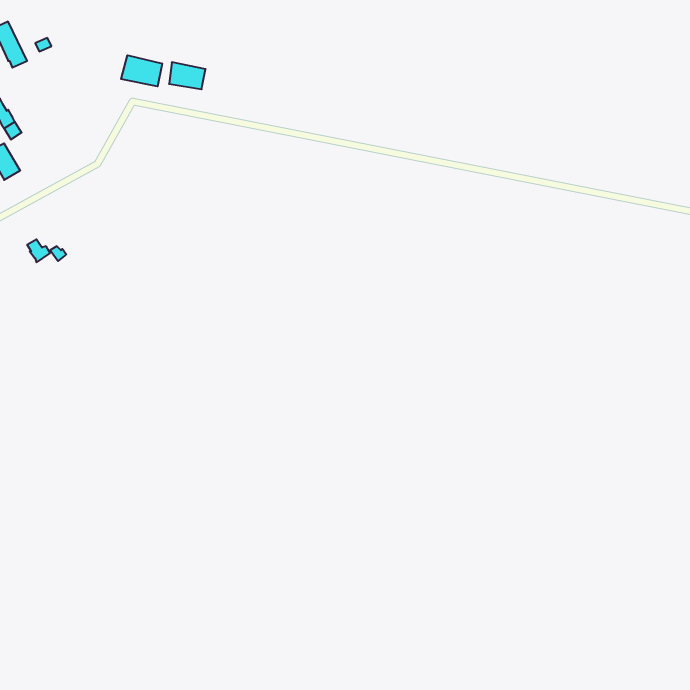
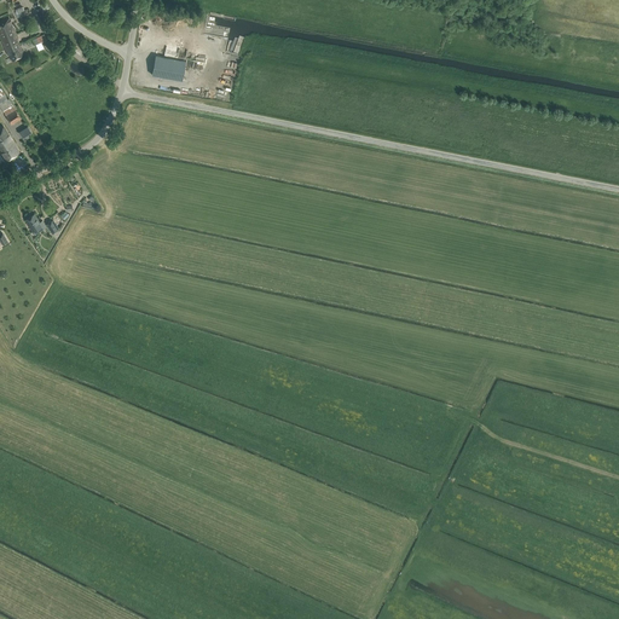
building: [121,55,162,86] -> none

